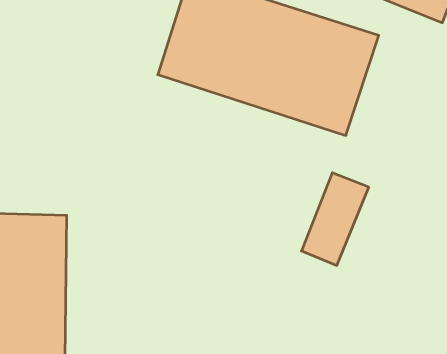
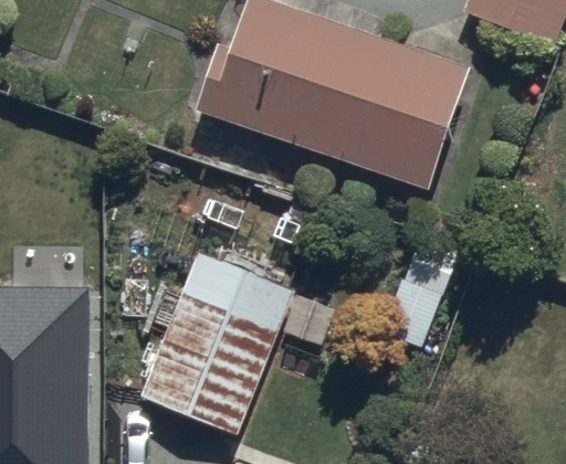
building: none -> [137,253,294,433]

